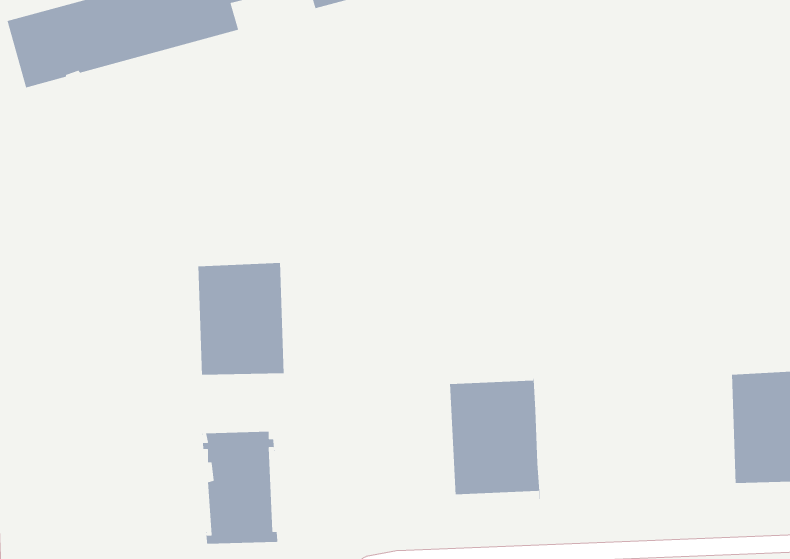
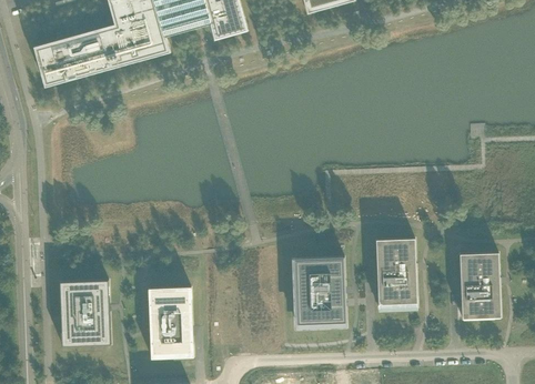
building: [198,262,285,376] -> [59,280,110,346]
building: none -> [375,239,416,309]

